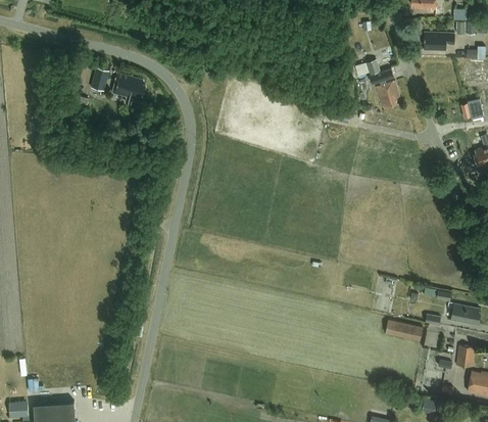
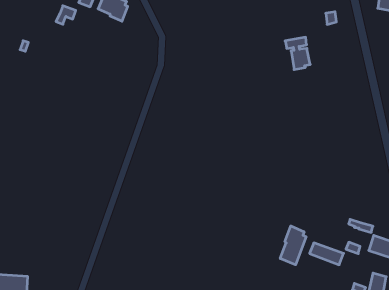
building: [369,71,400,108] -> [285,37,310,70]
building: none -> [280,226,306,265]

